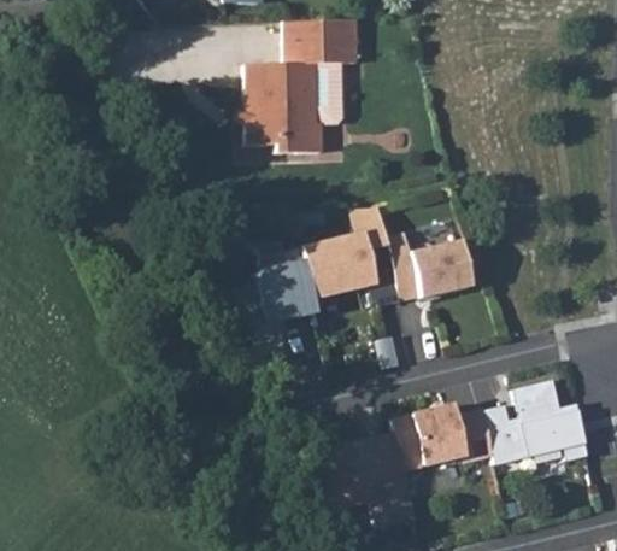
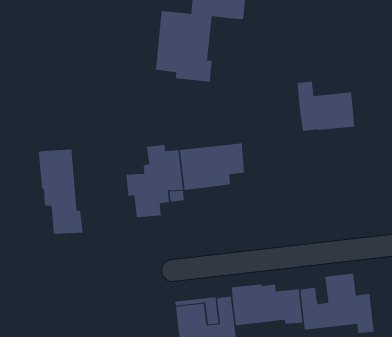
building: [319,63,348,122] -> none
building: [383,231,469,300] -> [297,81,355,132]
building: none -> [38,149,83,235]

